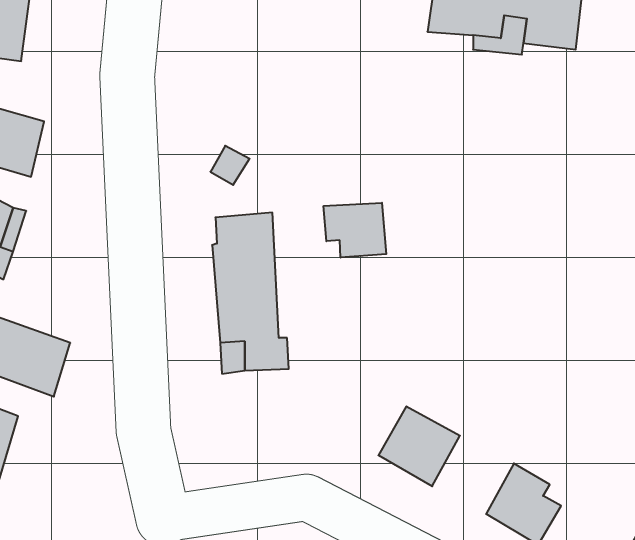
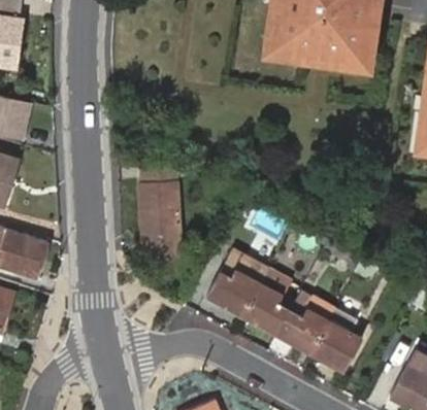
building: [324,203,386,258] -> none
building: none -> [205,250,267,315]
building: none -> [275,303,327,352]

